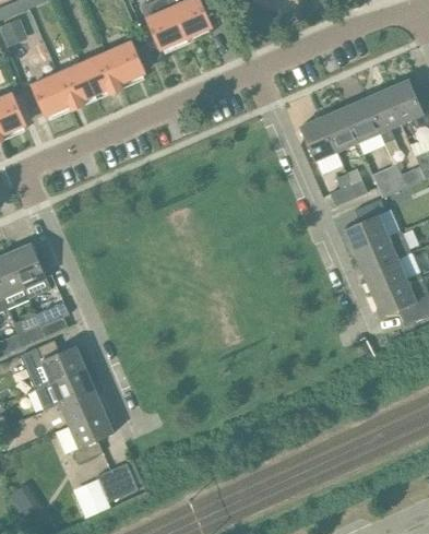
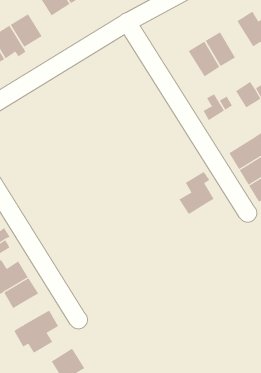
building: [365,88,402,143] -> none
building: [299,117,336,162] -> none
building: [343,199,388,250] -> [178,171,214,215]
building: [59,390,104,426] -> none

